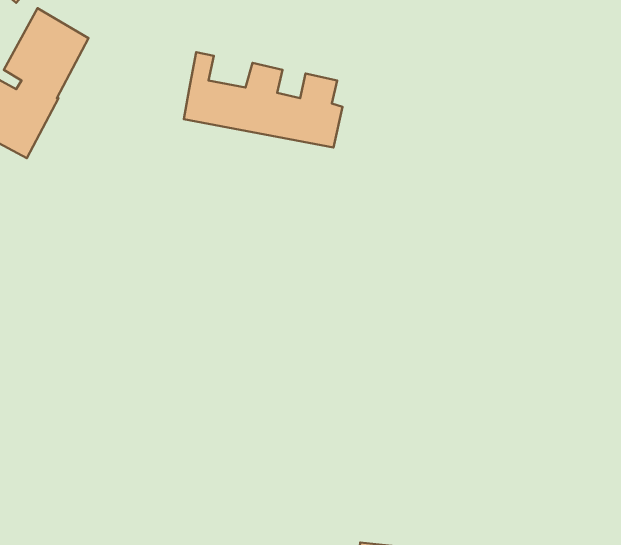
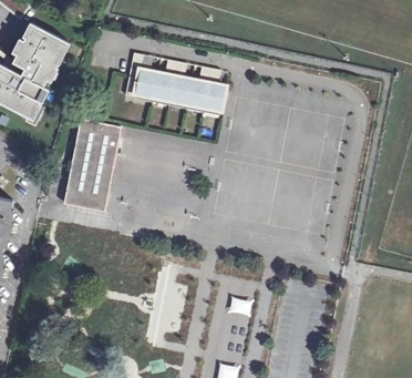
building: none -> [66,121,122,211]

